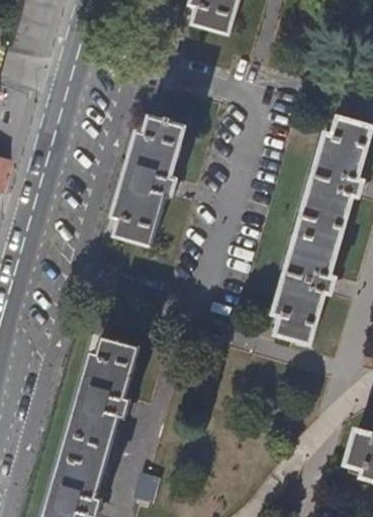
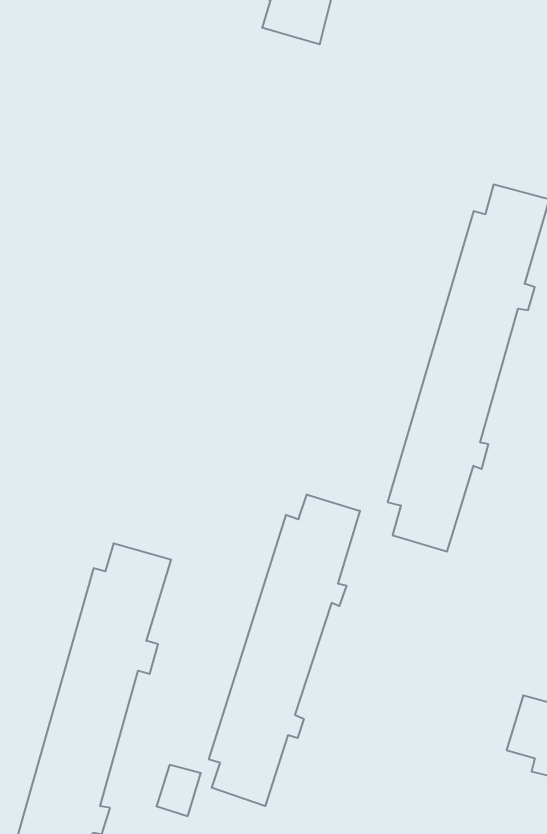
building: [114,116,186,243] -> none
building: none -> [209,494,360,806]

